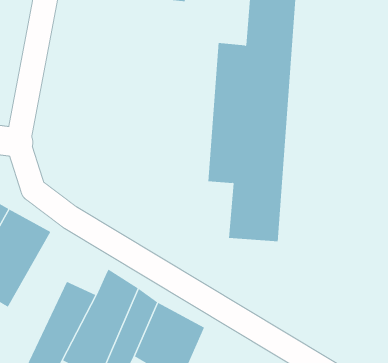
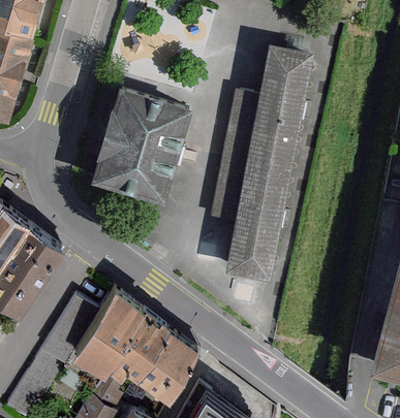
building: none -> [93,92,191,204]

